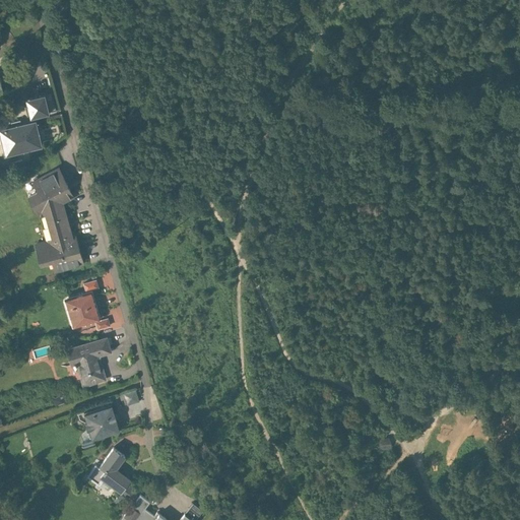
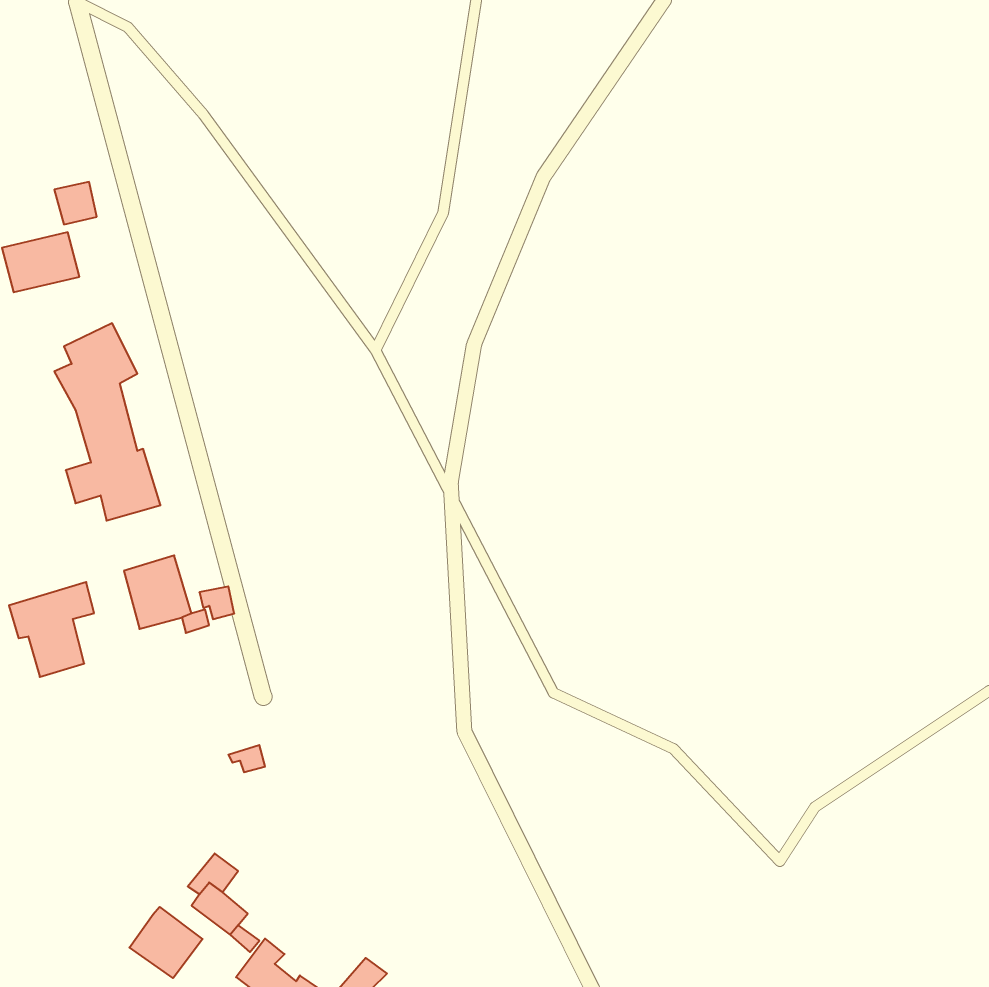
building: [66,339,111,389] -> [9,582,94,677]
building: [84,407,119,440] -> none
building: none -> [129,907,203,978]

